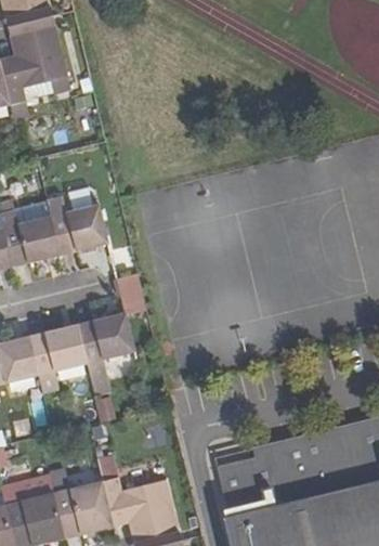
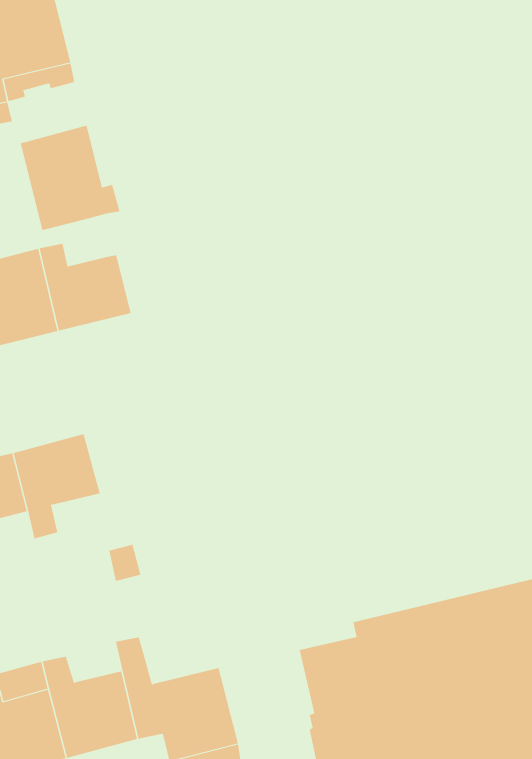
building: none -> [20,125,120,231]
building: [76,274,147,393] -> none

